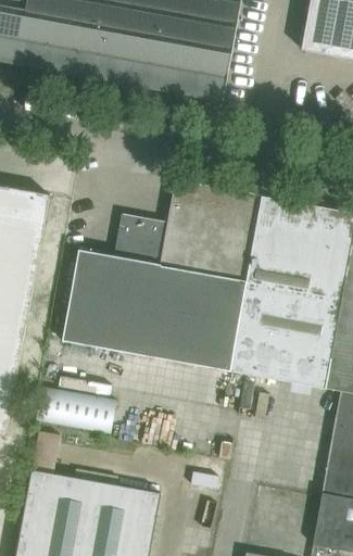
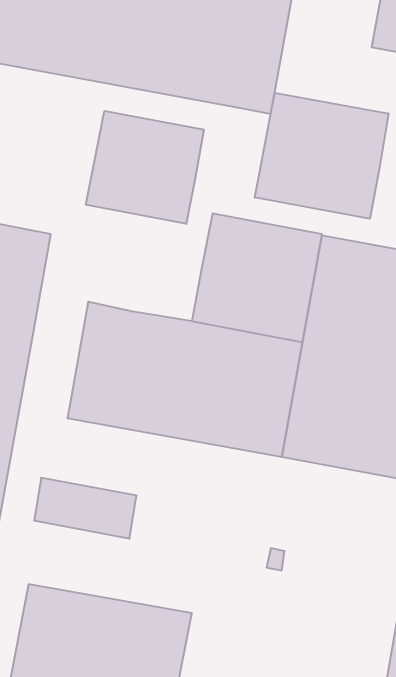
building: none -> [255,93,389,219]
building: none -> [86,111,204,224]
building: [113,214,167,264] -> none

